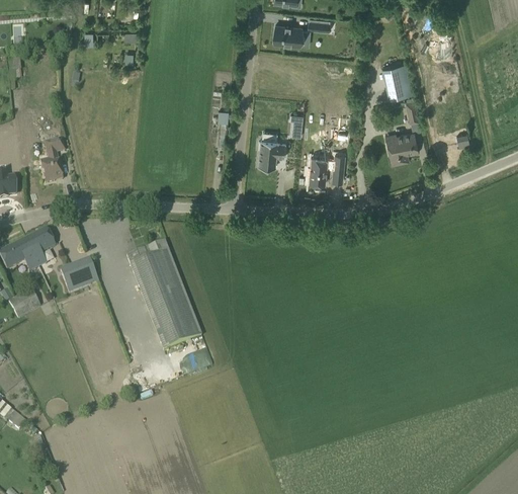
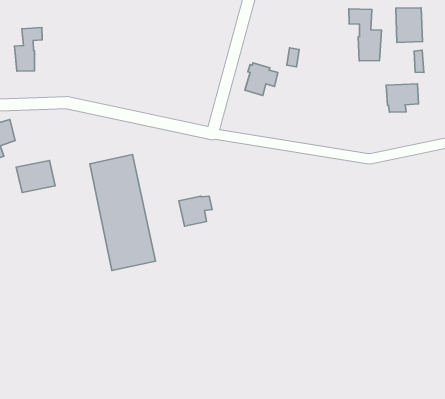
building: none -> [349,9,381,61]
building: [308,154,345,183] -> none
building: none -> [179,196,212,226]

